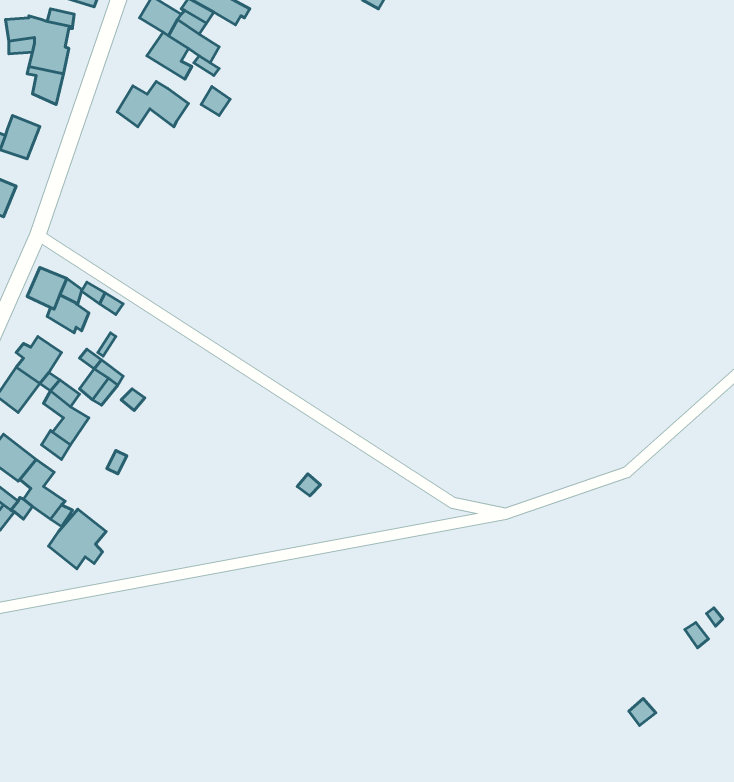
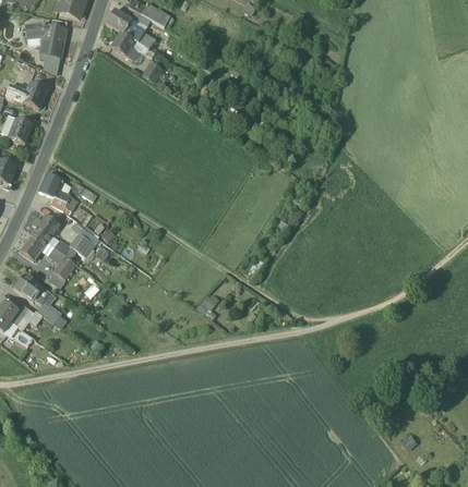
building: [117,82,189,127] -> none
building: [49,509,106,569] -> none

